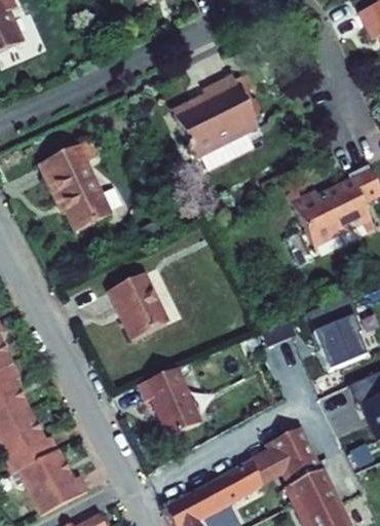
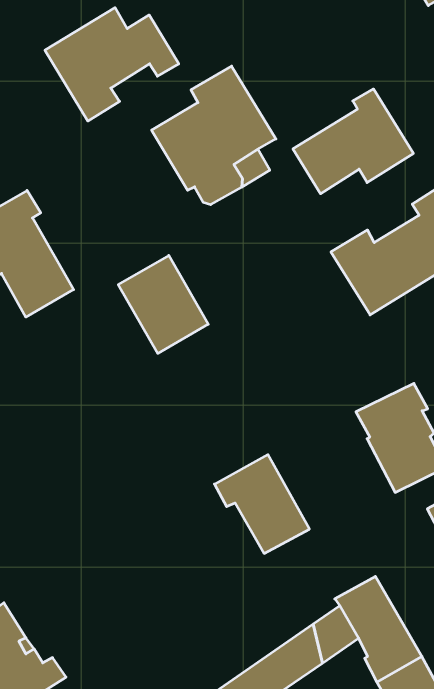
building: none -> [45,8,179,121]
building: none -> [293,89,413,194]
building: [106,268,166,336] -> [118,255,208,353]
building: [138,366,201,435] -> [214,455,309,553]

